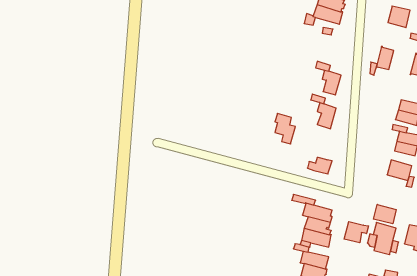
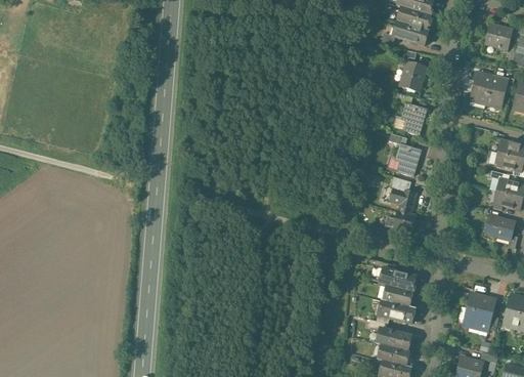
building: none -> [399,60,426,89]
building: none -> [486,78,508,107]
building: [275,113,295,144] -> [390,176,416,214]
building: [373,204,396,224] -> none
building: [344,222,369,243] -> none

